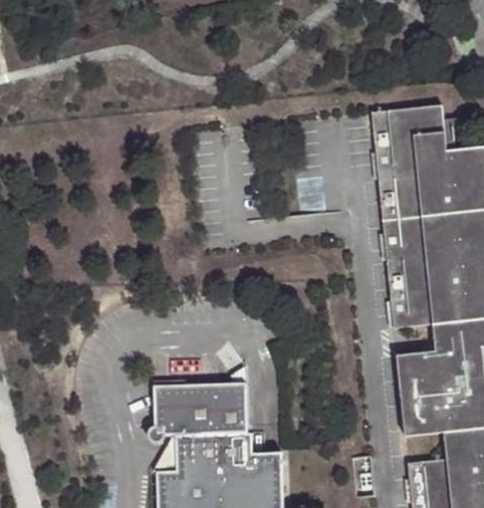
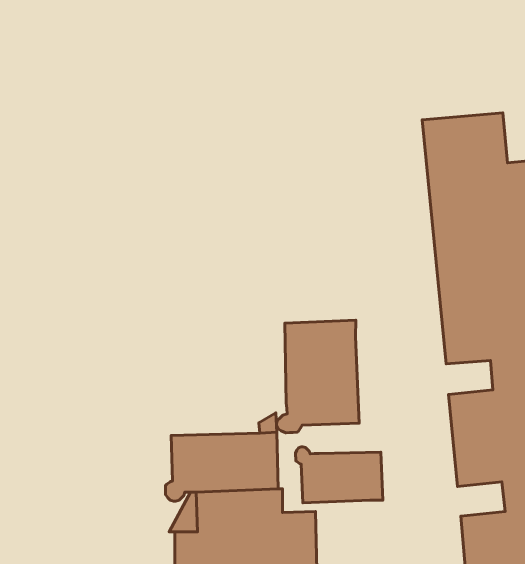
building: none -> [276,320,359,433]
building: none -> [295,447,383,503]

